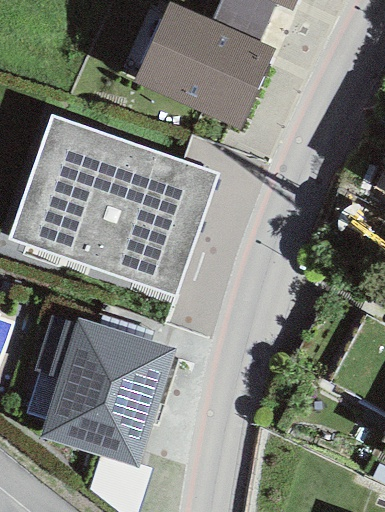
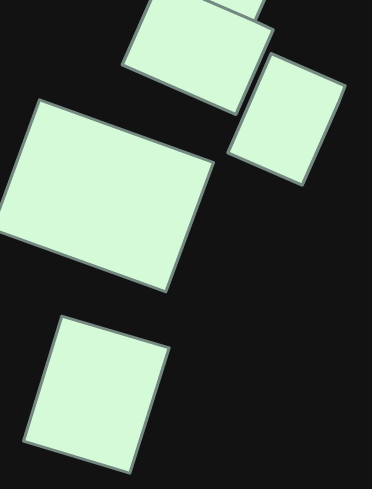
building: none -> [228,53,345,185]

